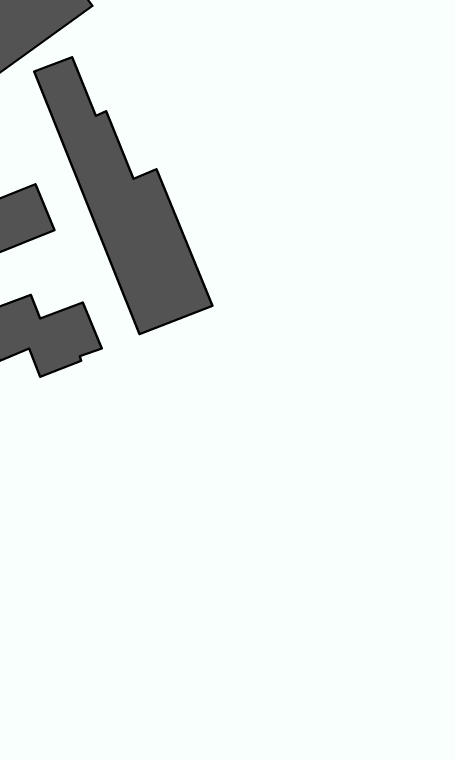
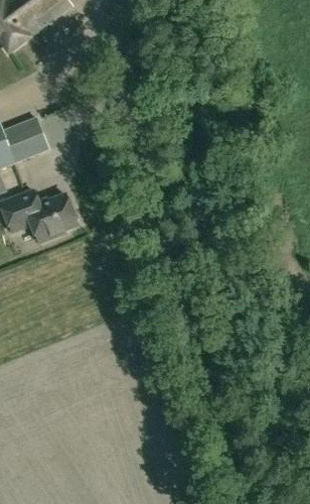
building: [34,57,212,334] -> none

